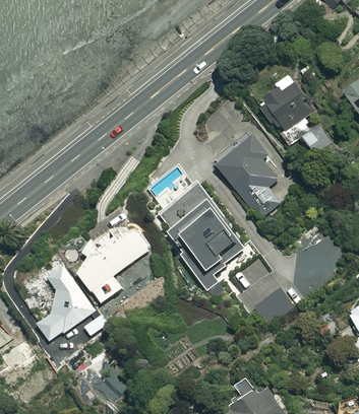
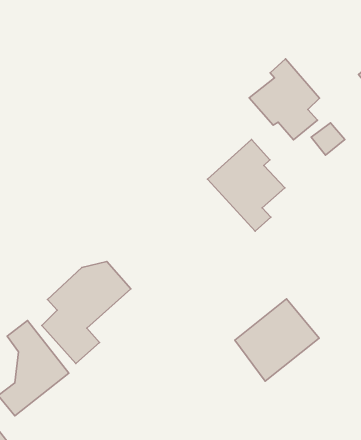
building: [159,185,249,287] -> none

